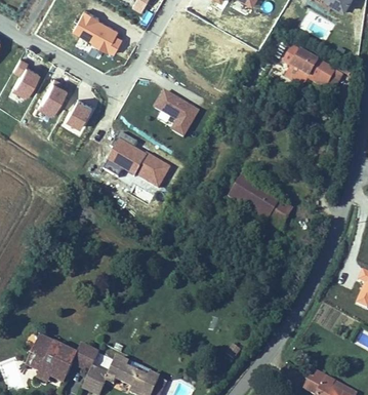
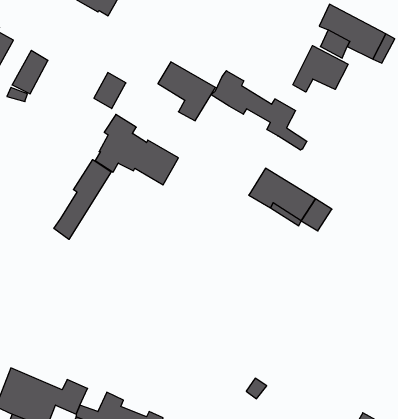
building: none -> [293,46,348,92]
building: none -> [211,71,307,150]
building: [68,98,93,127] -> [94,73,126,109]
building: none -> [54,160,111,239]

